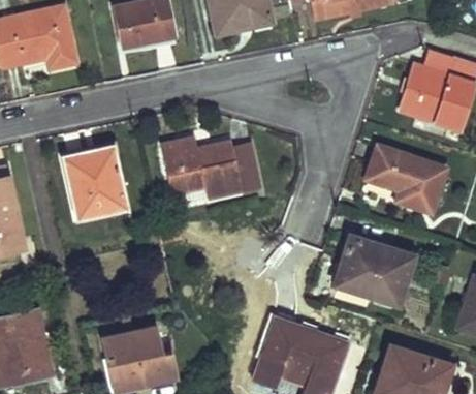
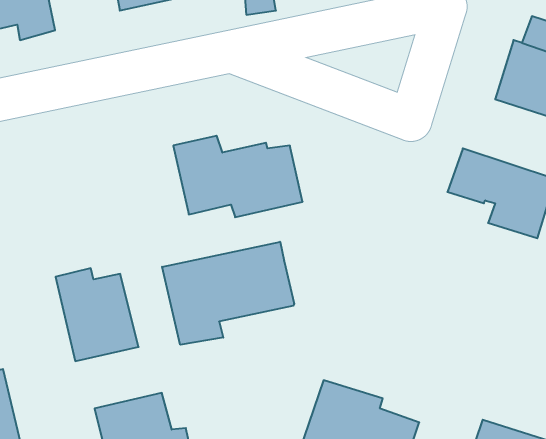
building: [65,151,126,219] -> [56,268,139,361]
building: none -> [162,242,294,345]
building: [332,236,413,306] -> none

